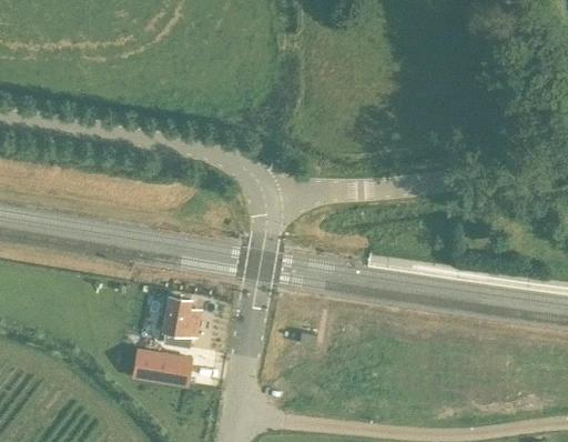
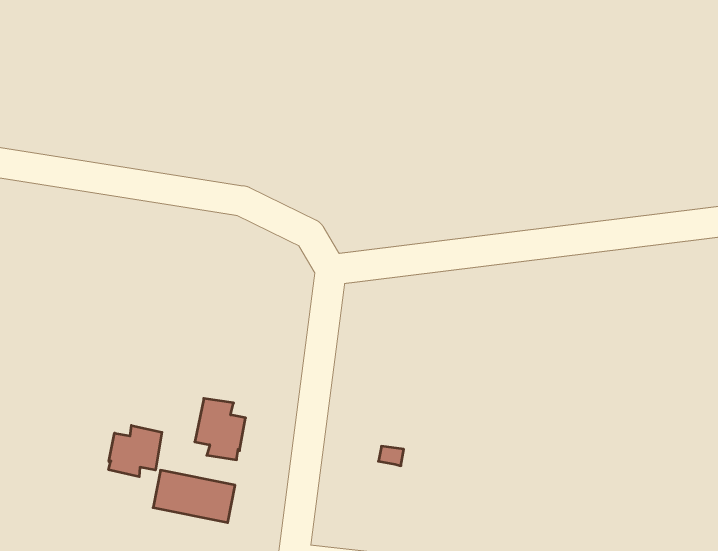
building: none -> [109,425,162,477]

